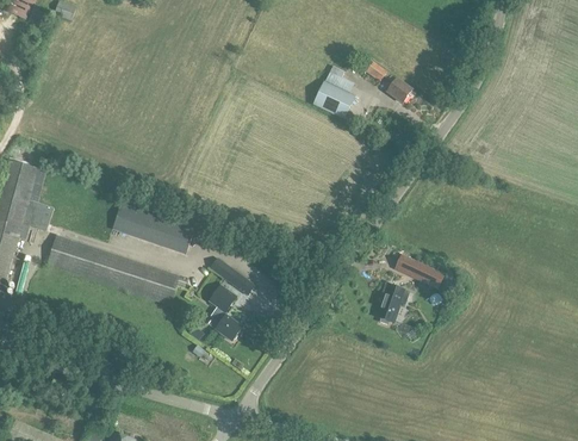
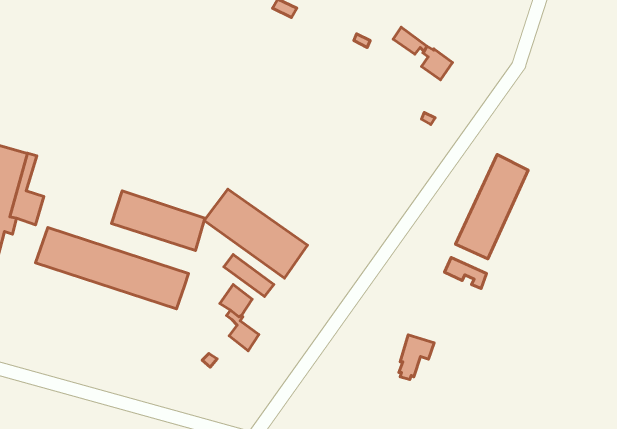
building: [315,81,362,124] -> none
building: none -> [456,155,528,259]
building: none -> [204,189,307,278]
building: [379,284,410,323] -> [399,335,434,379]

